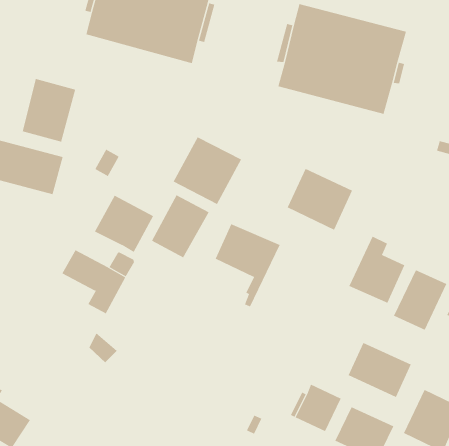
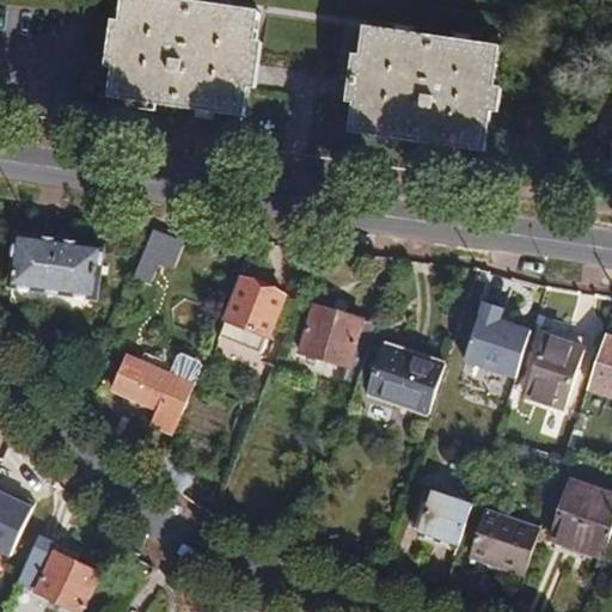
building: [22,78,76,142] -> none
building: [173,136,242,205] -> none
building: [287,168,353,231] -> [366,341,443,412]
building: [94,195,154,253] -> none
building: [348,342,412,398] -> none

